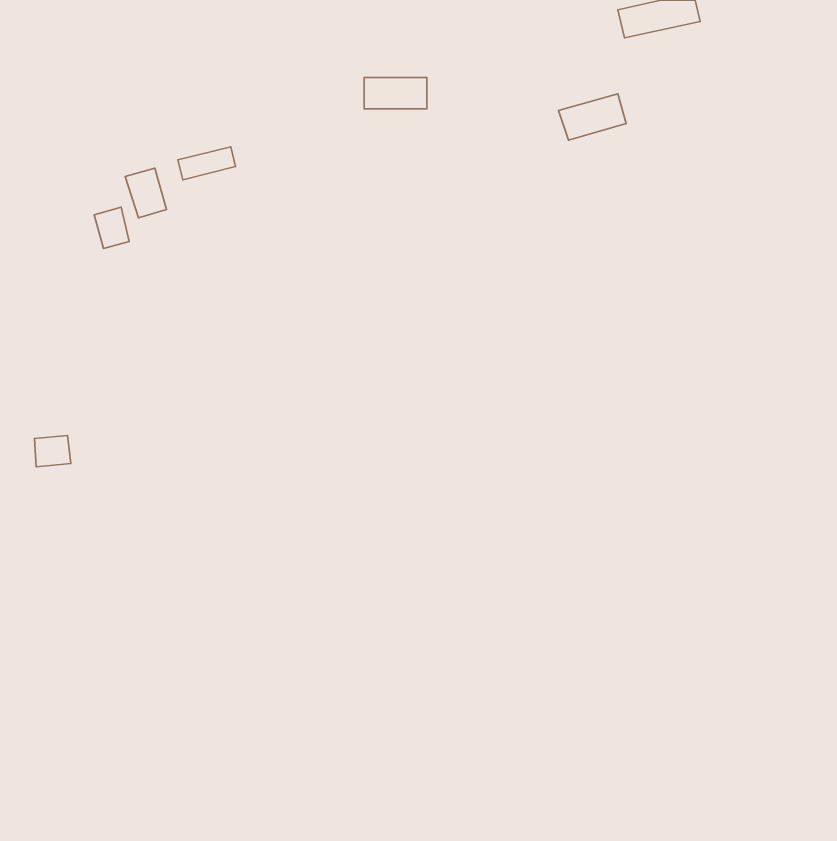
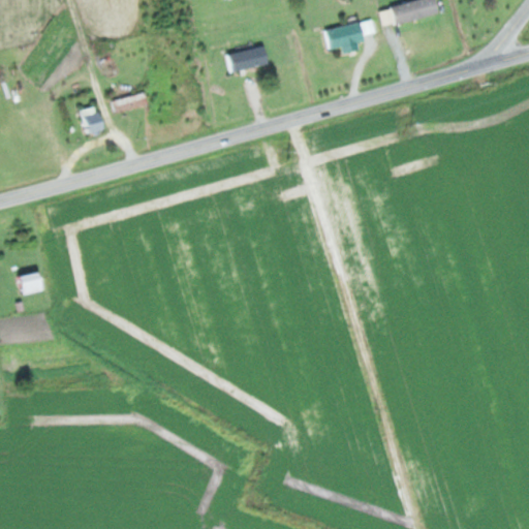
building: [559,94,626,140] -> [323,22,366,51]
building: [94,207,129,248] -> none

